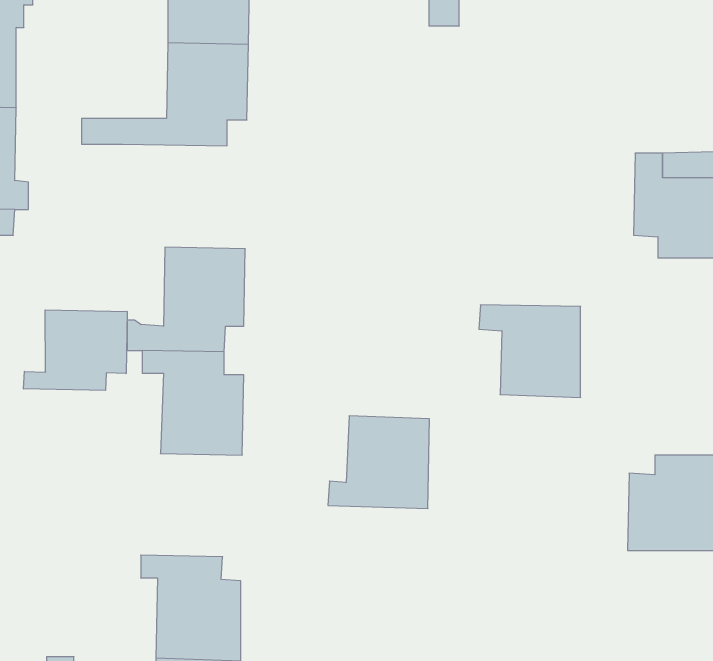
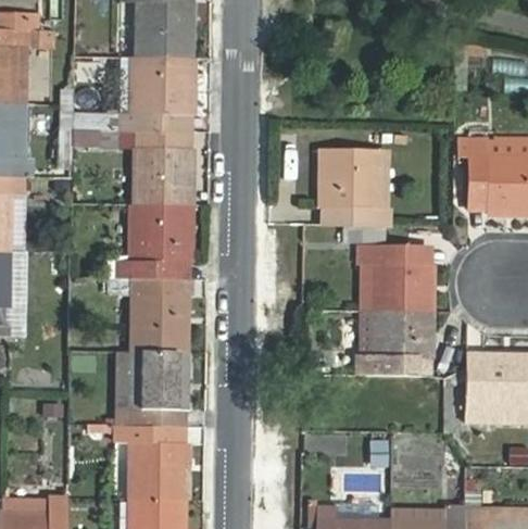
building: none -> [102,130,192,205]
building: none -> [319,148,393,227]
building: [24,310,127,390] -> none
building: [328,416,429,508] -> [359,310,431,376]
building: none -> [116,352,189,426]

